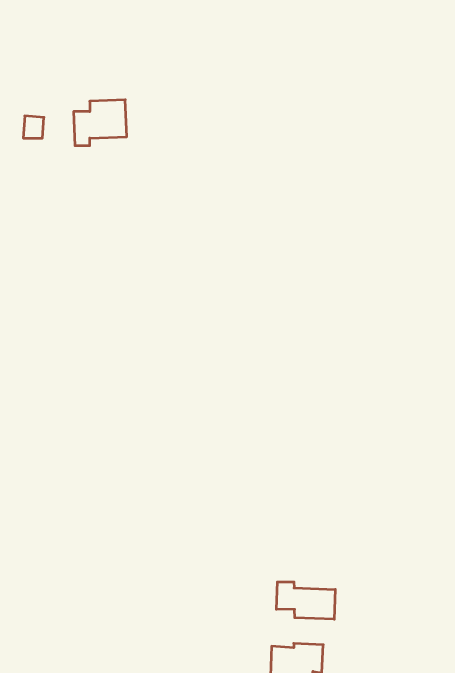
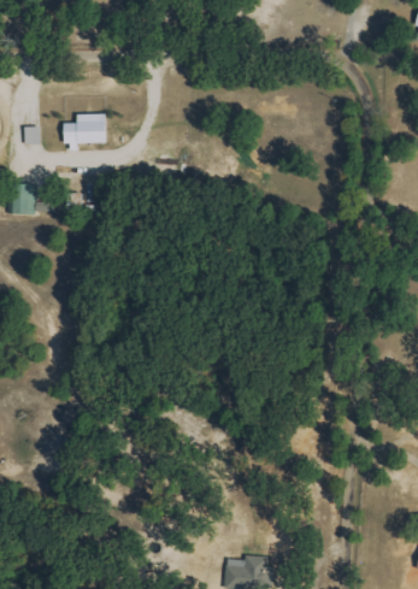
building: [276,582,335,619] -> none

